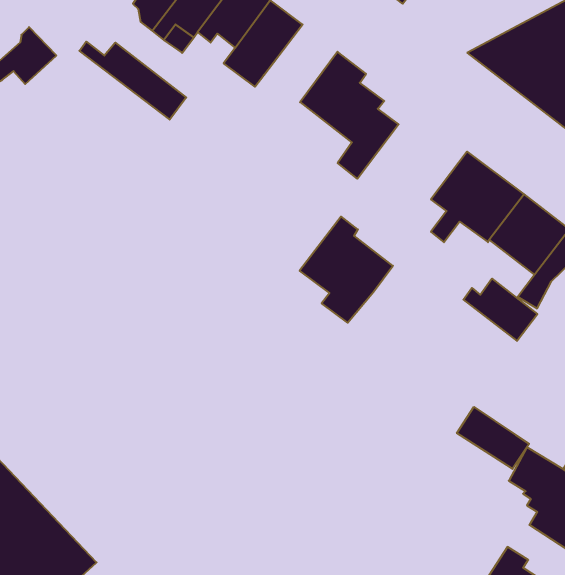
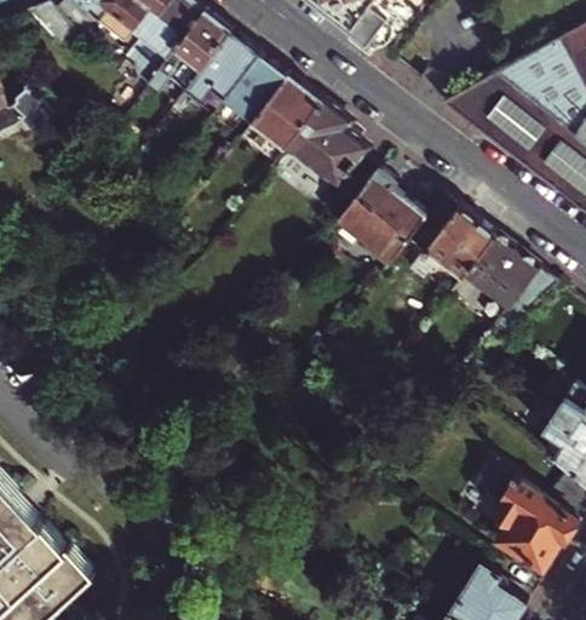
building: none -> [255,76,324,149]
building: [79,42,186,120] -> none
building: [300,217,393,323] -> [343,170,430,269]
building: [463,279,537,341] -> none
building: [457,407,529,469] -> none

